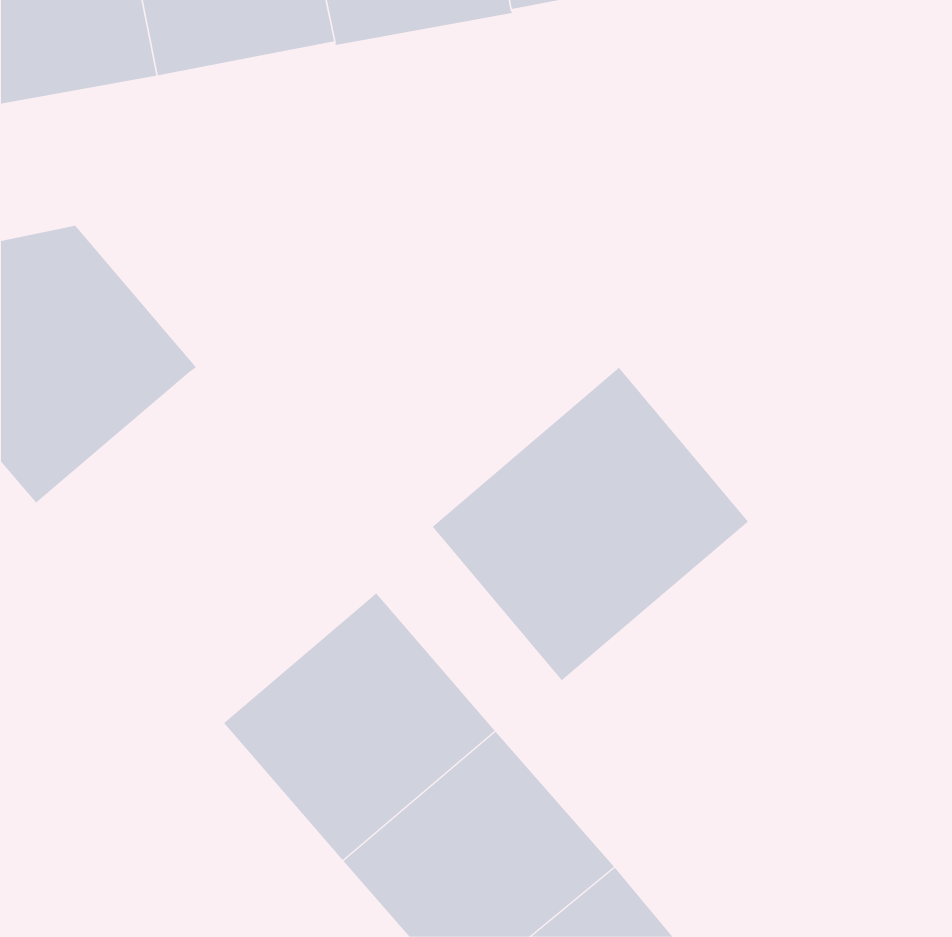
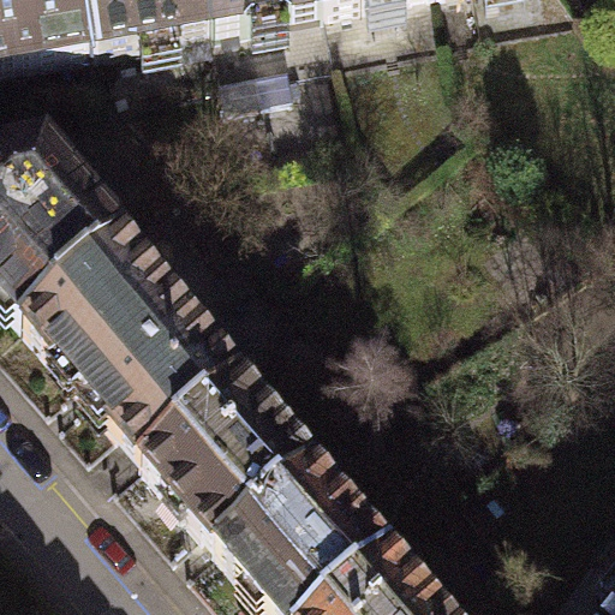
building: [432,367,749,681] -> none
building: none -> [32,237,249,459]

